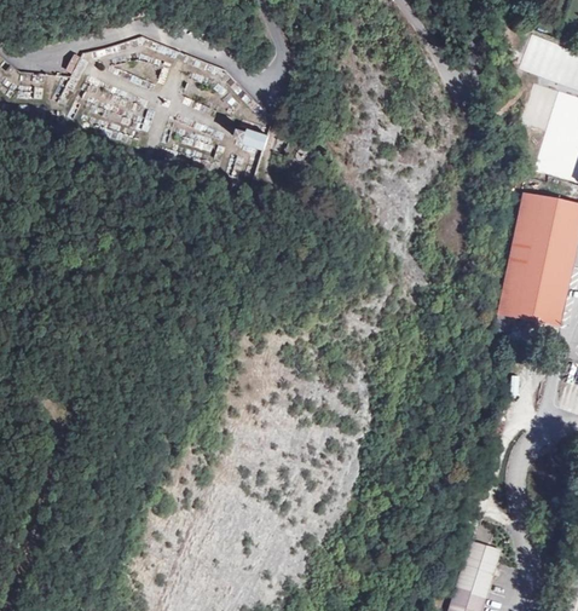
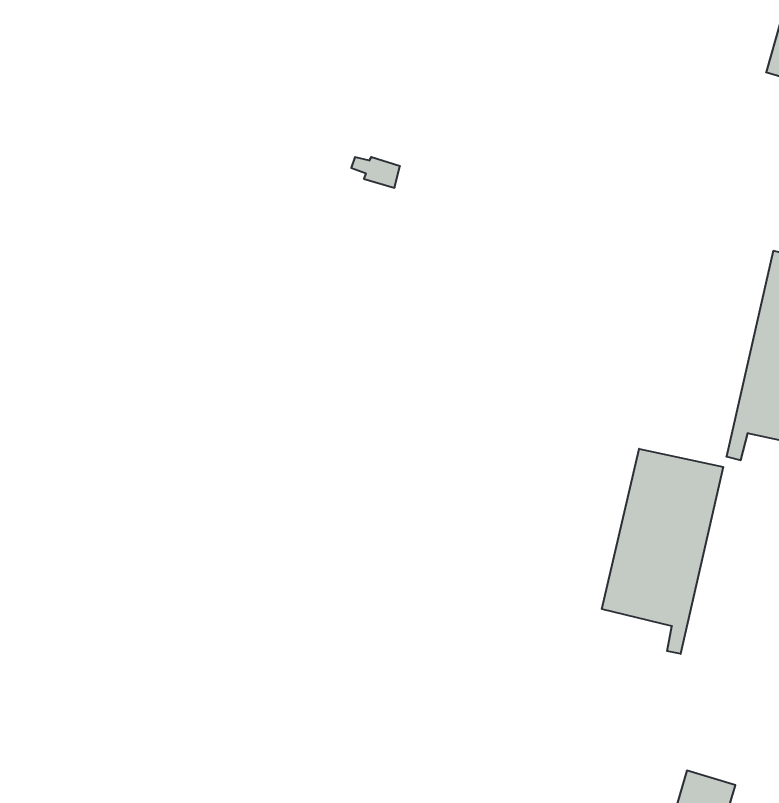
building: none -> [602,449,723,654]

